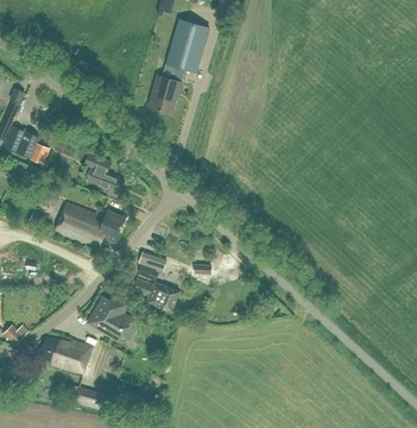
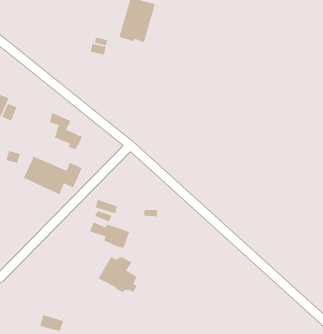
building: [150,67,184,113] -> none
building: [88,296,134,339] -> [97,256,138,293]
building: [40,336,91,372] -> none

